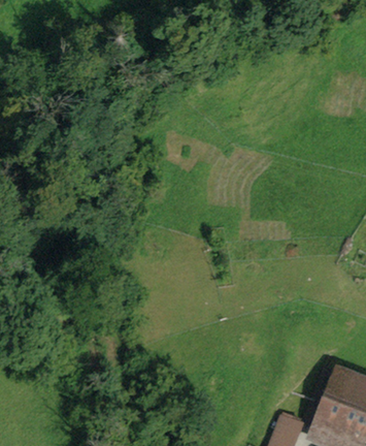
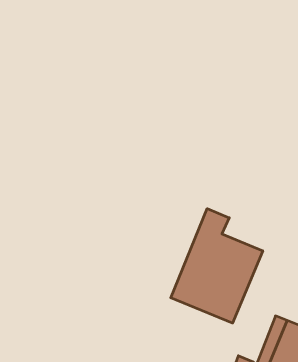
building: none -> [171,209,263,323]

